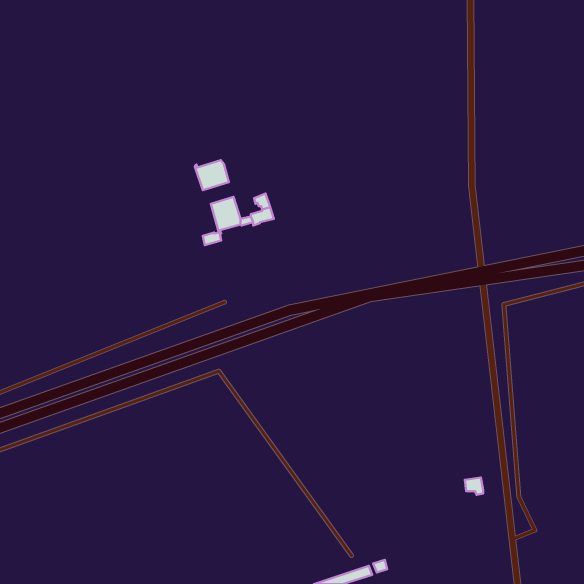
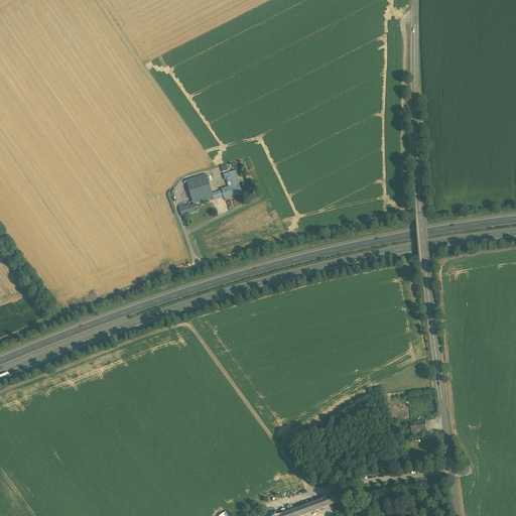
building: [195,160,229,190] -> none

